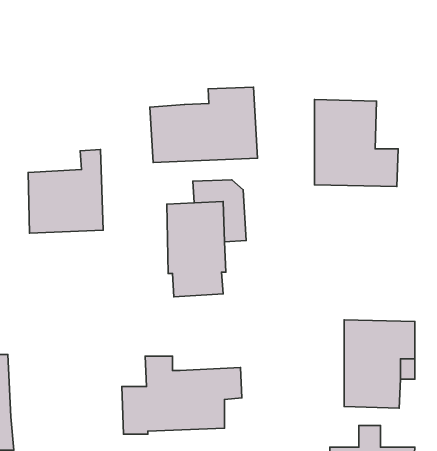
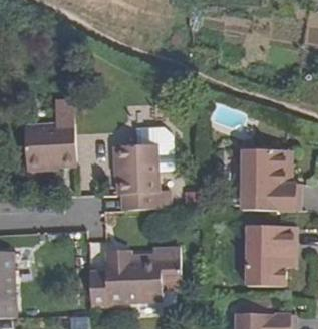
building: [150,87,258,163] -> none
building: [314,100,398,186] -> [243,149,301,210]

